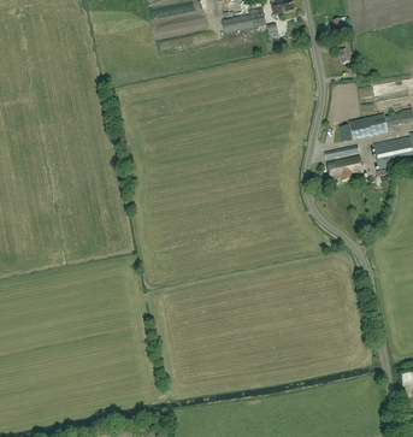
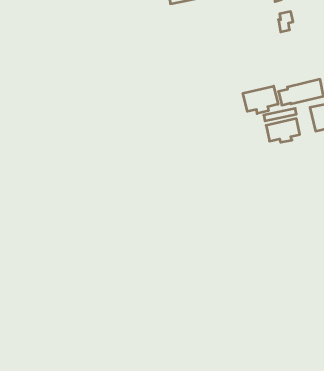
building: none -> [243,86,278,114]

